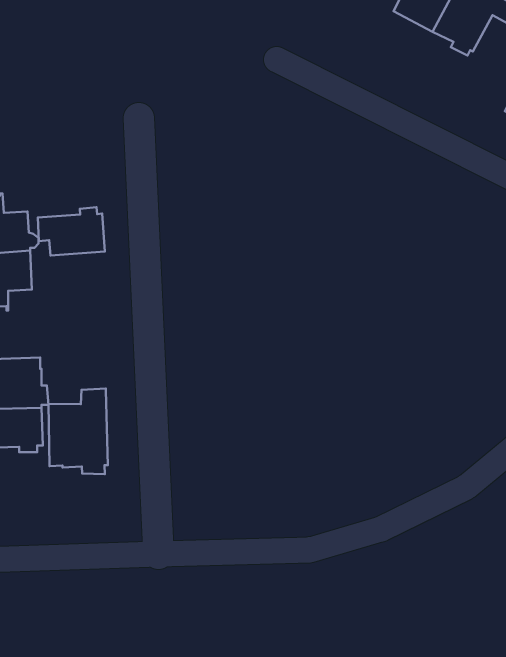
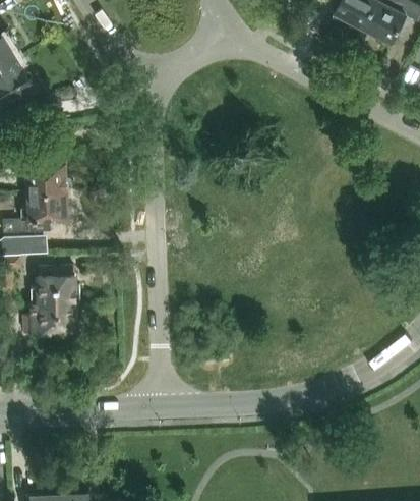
building: [38,207,105,256] -> none
building: [48,389,108,474] -> none

